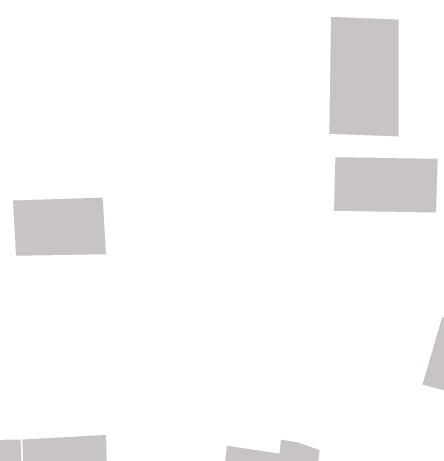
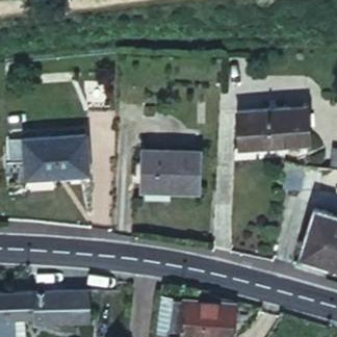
building: [329,16,399,137] -> none
building: none -> [145,148,203,187]

